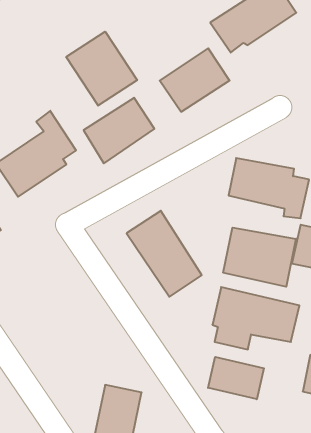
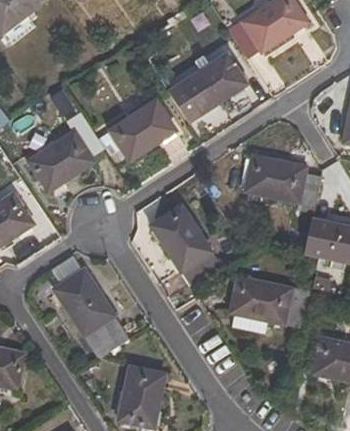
building: [66,32,137,106] -> none
building: [223,228,296,287] -> none
building: none -> [52,254,129,357]
building: [208,357,264,399] -> none

